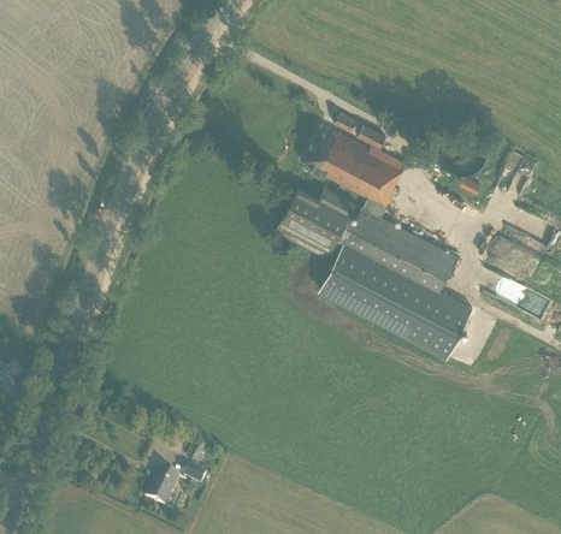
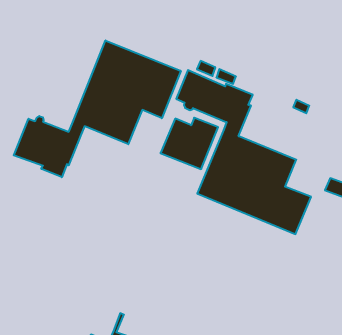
building: none -> [14,40,181,177]

